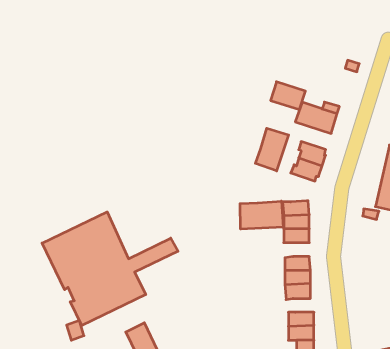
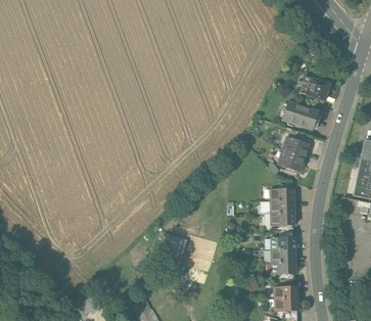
building: [271,82,305,110] -> [298,75,329,99]
building: [255,128,289,171] -> none
building: [240,201,283,229] -> none
building: [42,212,178,326] -> none

